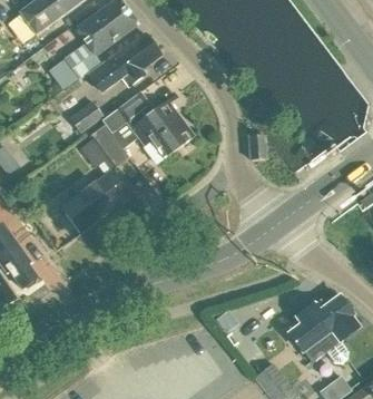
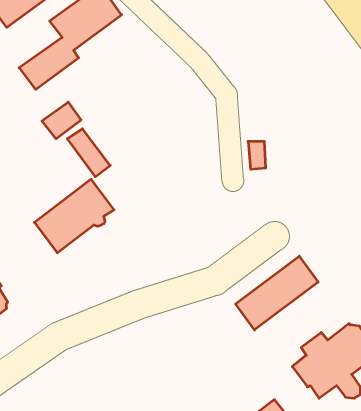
building: [89,32,161,91] -> none
building: [102,90,196,158] -> none
building: none -> [236,256,318,330]

